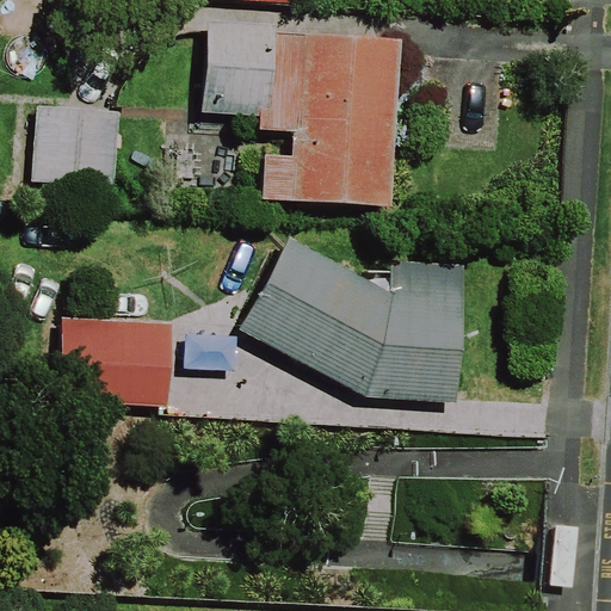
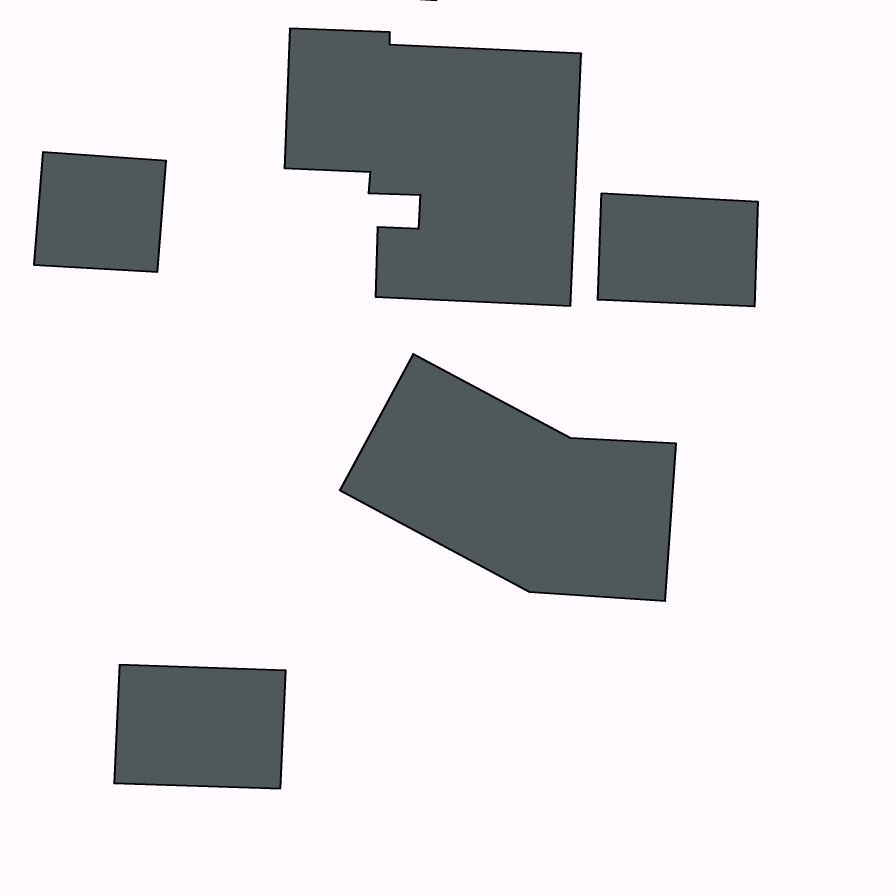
building: none -> [598,193,758,307]
building: [58,316,173,399] -> [114,665,286,788]

